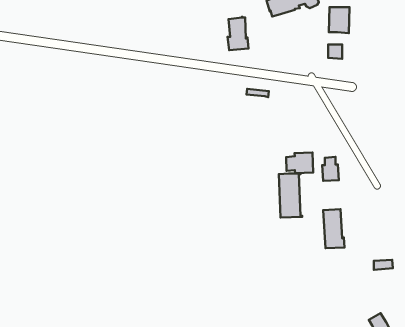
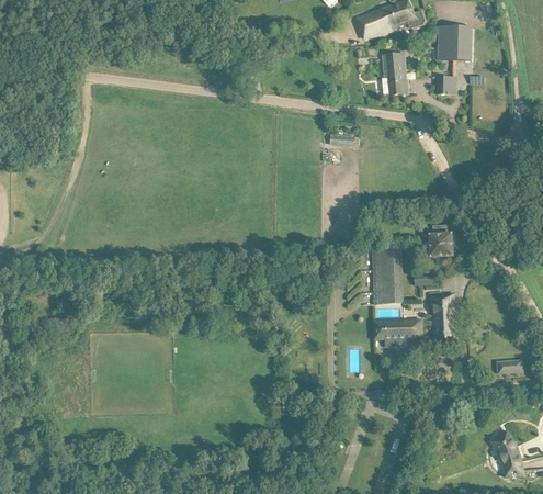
building: [228,17,248,50] -> [381,52,408,96]
building: [286,152,313,173] -> none
building: none -> [374,319,420,347]

